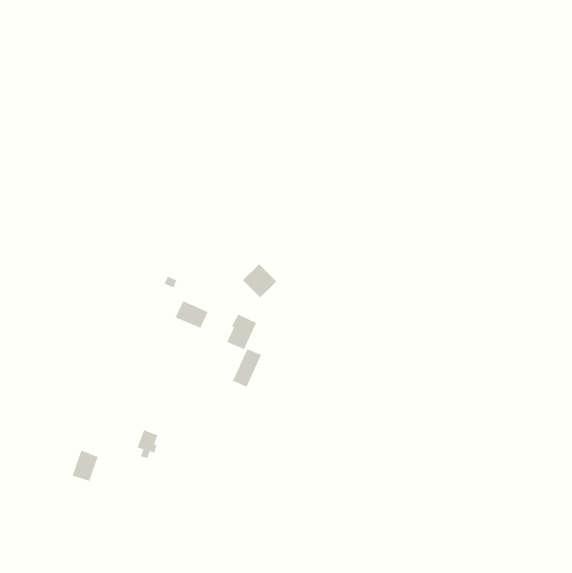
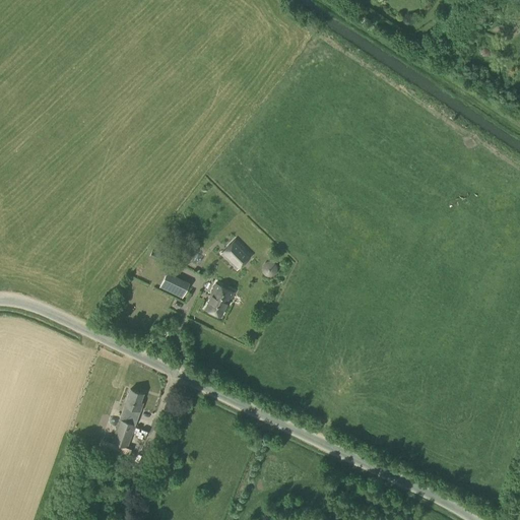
building: [232,349,262,387] -> none
building: [72,450,99,481] -> [112,419,136,448]

